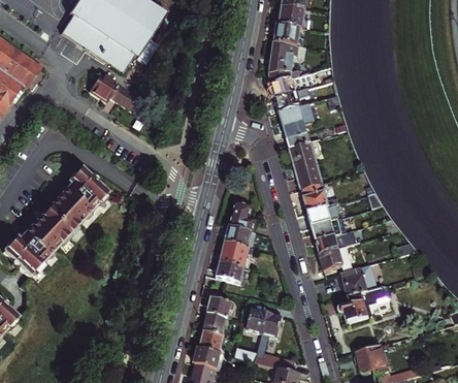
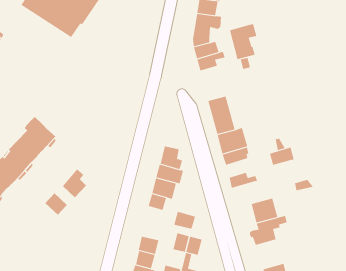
building: [88,71,133,106] -> none
building: [279,102,313,148] -> [229,23,257,60]
building: [309,218,340,241] -> [269,147,295,165]
building: none -> [62,169,87,198]
building: [317,246,350,270] -> none
building: none -> [45,193,68,216]
building: [207,295,234,317] -> [174,211,196,229]

